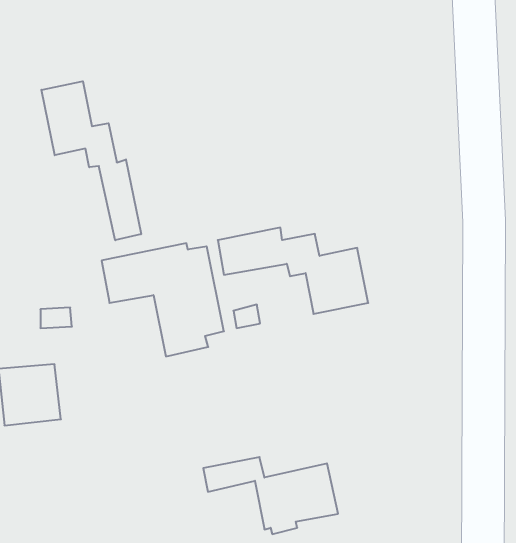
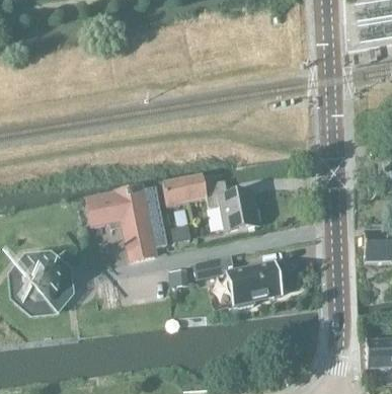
building: [41,81,141,240] -> none
building: [203,457,338,534] -> [194,256,282,306]

